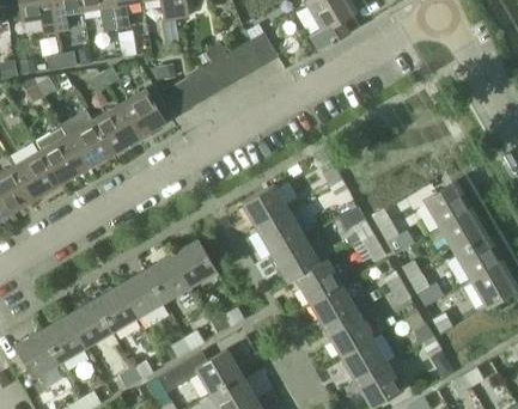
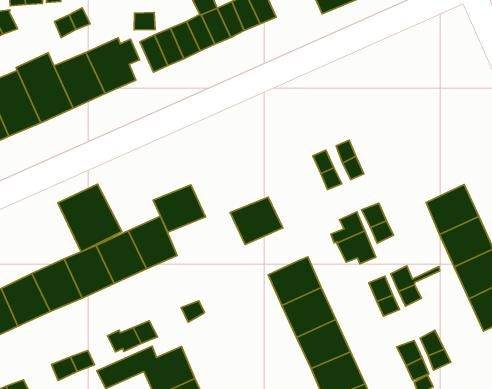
building: [242,187,288,230] -> [153,185,206,232]
building: none -> [58,184,122,252]
building: [273,238,319,283] -> none

